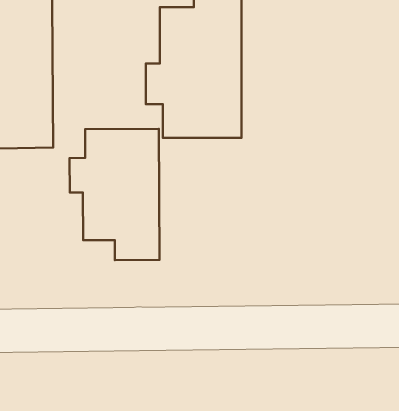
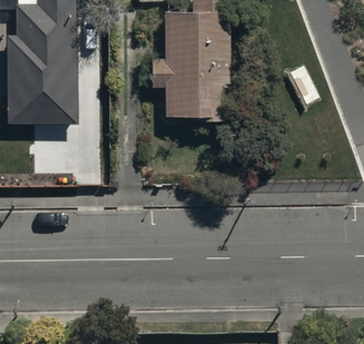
building: [69,129,160,260] -> none

